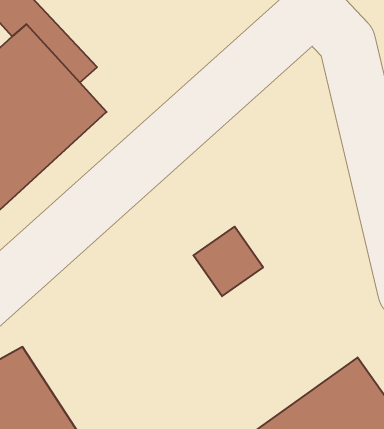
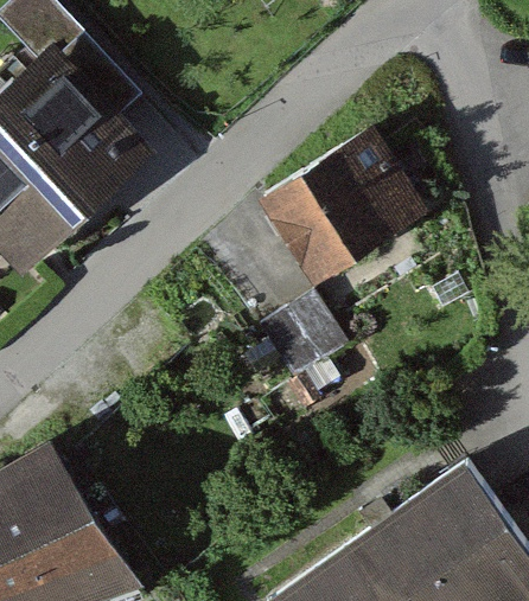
building: none -> [263,128,422,275]

